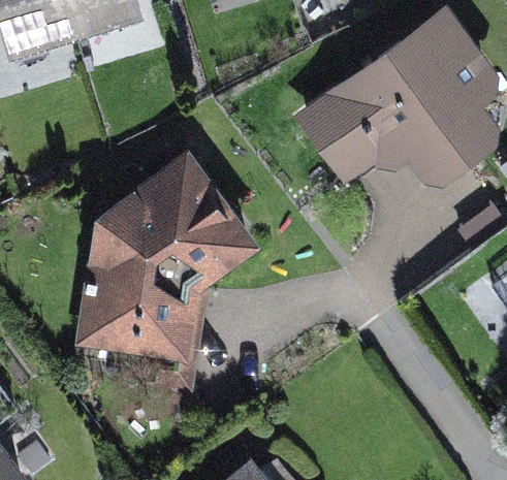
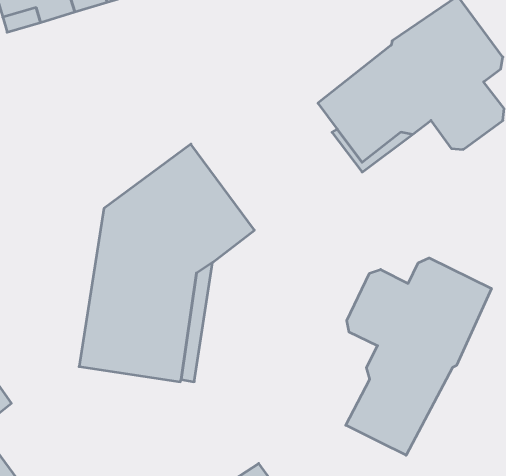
building: none -> [346,258,491,455]

